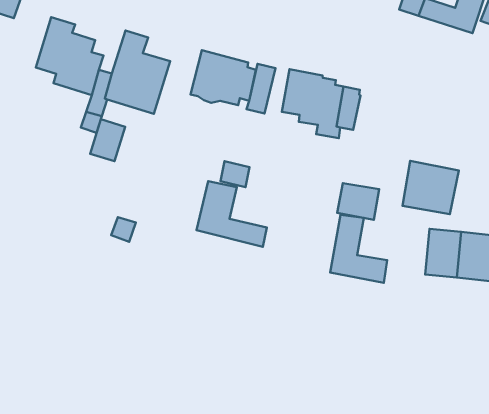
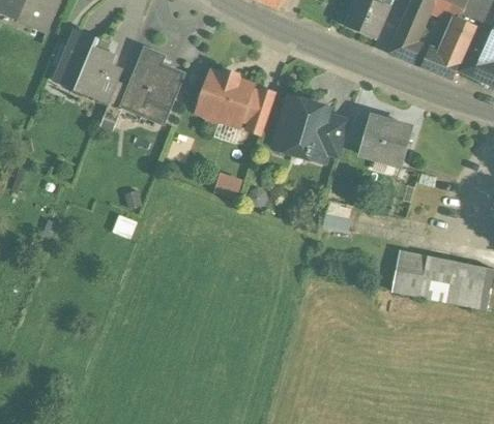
building: [90,119,125,161] -> none
building: [403,161,459,214] -> [359,113,412,163]
building: [197,181,267,247] -> none
building: [330,215,387,283] -> none

